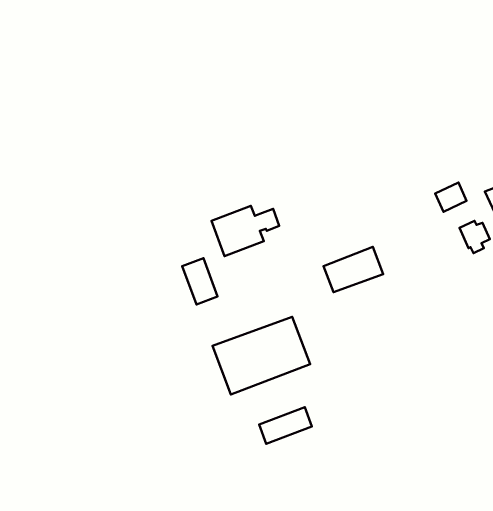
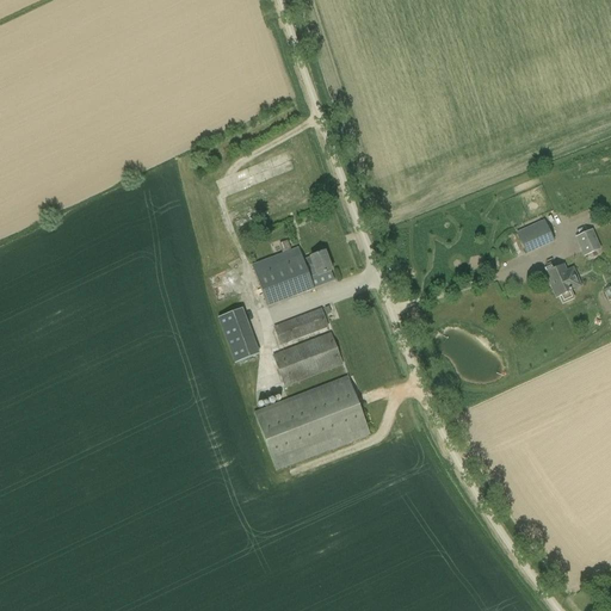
building: [324,247,383,292] -> [272,331,342,384]
building: none -> [273,307,328,342]
building: [259,407,312,444] -> none

